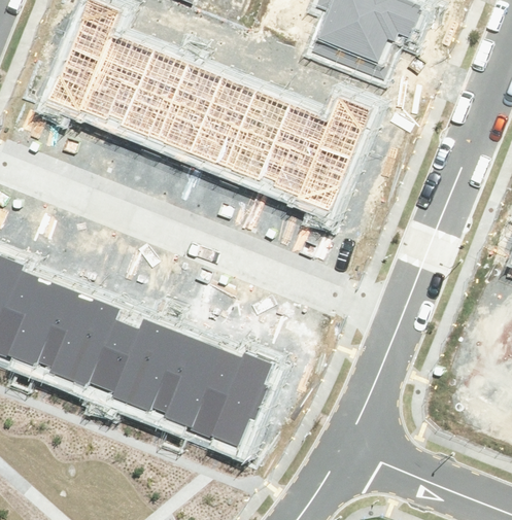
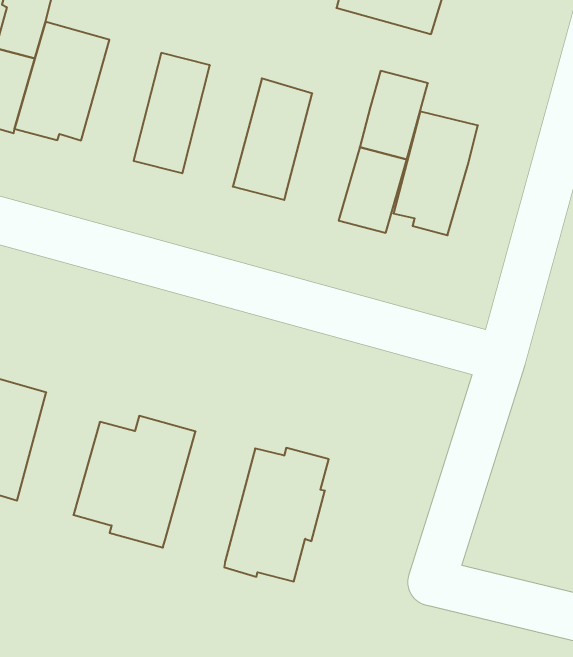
building: [121,53,185,139] -> none
building: [191,78,253,165] -> none
building: [261,106,327,195] -> [393,111,478,235]
building: [47,293,117,386] -> none
building: [149,333,219,425] -> none

